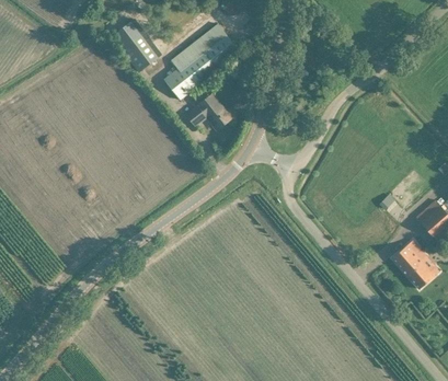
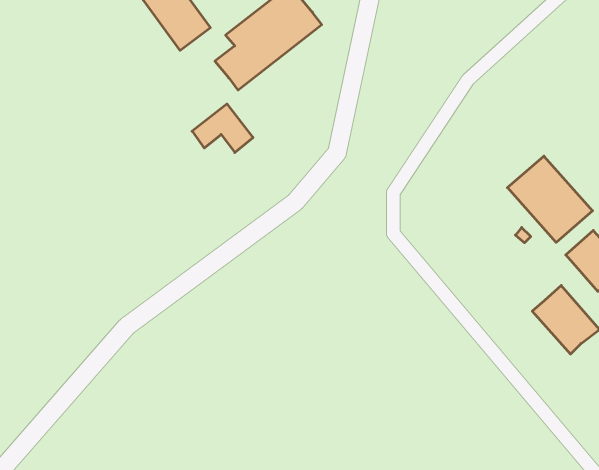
building: [186,93,230,128] -> [192,104,253,153]
building: none -> [507,156,593,242]

